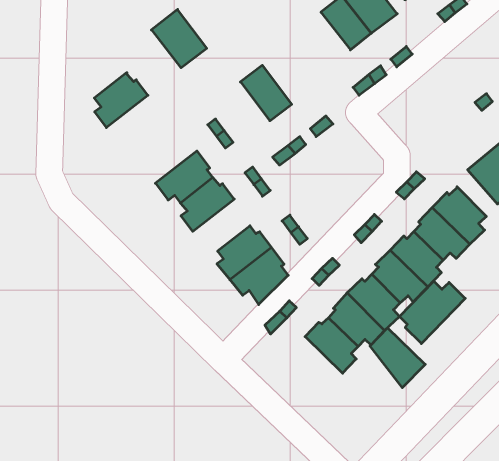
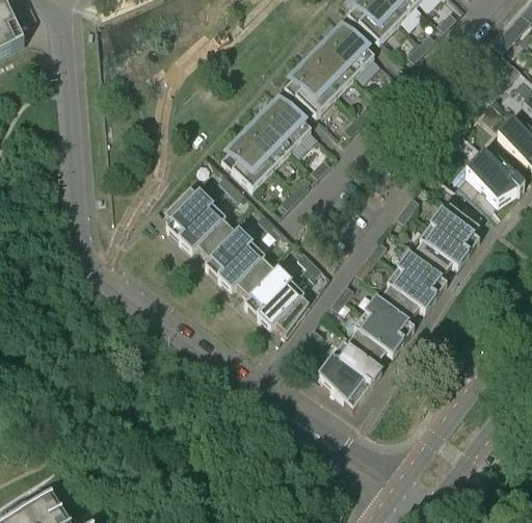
building: [151,9,207,68] -> [221,135,273,187]
building: none -> [285,62,337,114]
building: none -> [260,97,311,149]
building: [94,73,148,128] -> [164,185,212,237]
building: none -> [218,241,269,290]
building: [399,281,465,344] -> none
building: [370,328,425,388] -> [319,356,371,408]

